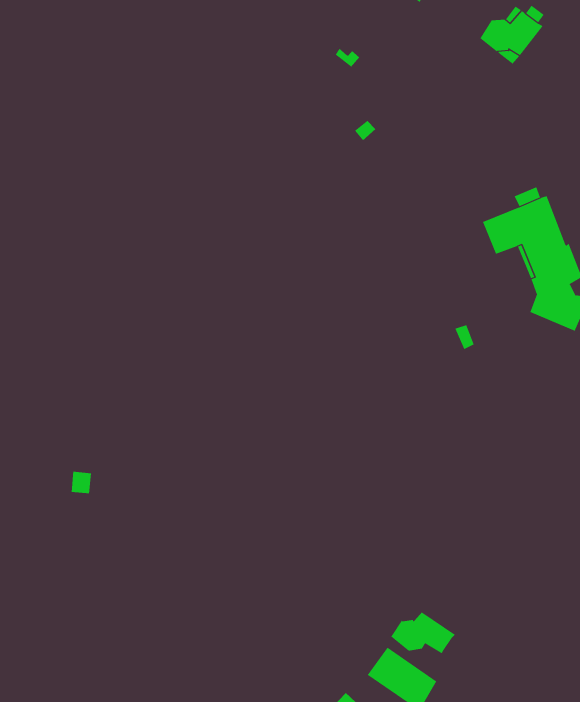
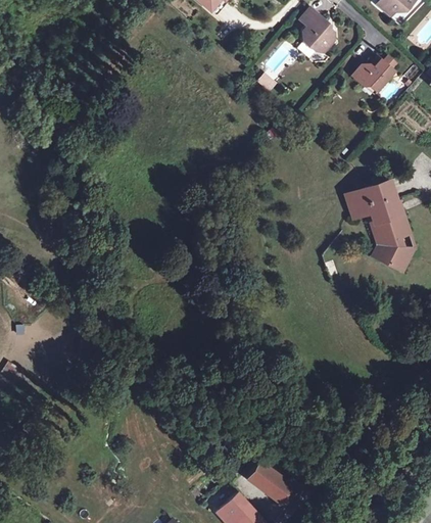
building: [390,611,456,654] -> none

